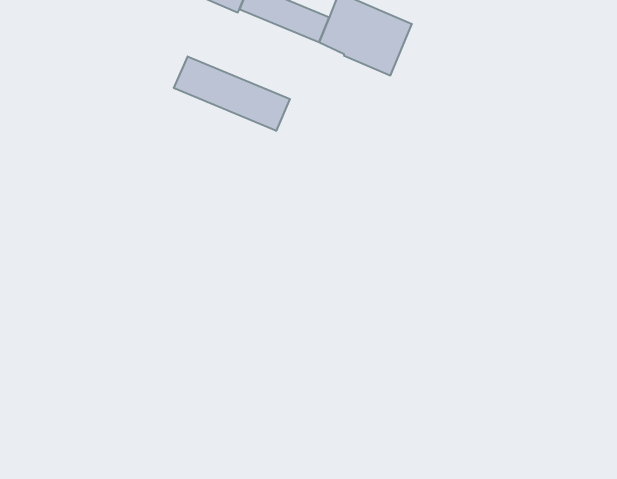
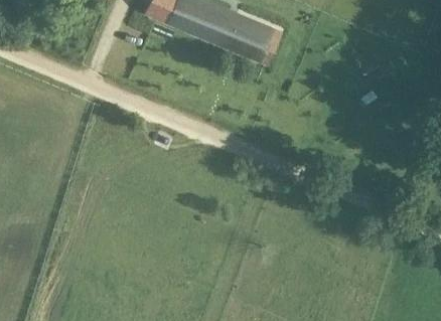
building: [174,56,290,131] -> none

